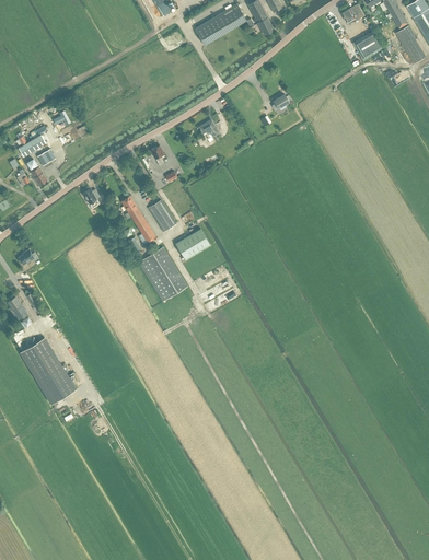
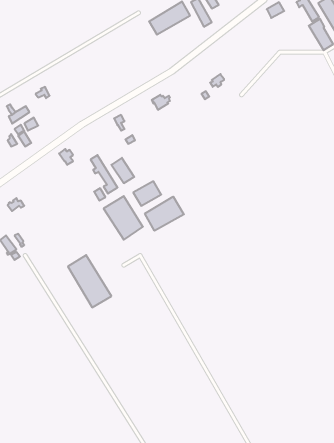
building: [352,30,383,60] -> none
building: none -> [145,197,184,231]
building: [20,338,74,404] -> [68,255,111,307]

